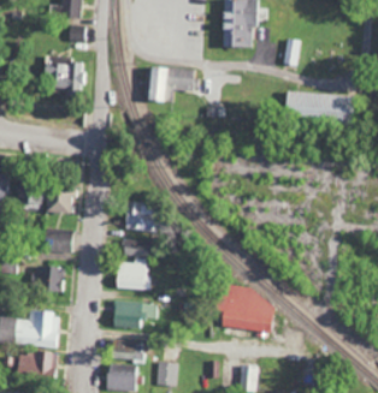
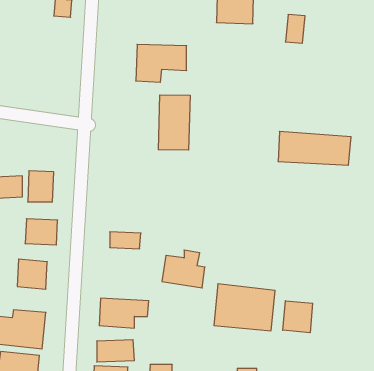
building: [47,59,84,94] -> none
building: [284,90,352,121] -> [278,131,351,165]
building: none -> [158,95,190,150]
building: [126,202,156,230] -> none
building: [117,256,156,291] -> [162,250,205,288]
building: none -> [283,301,313,333]

